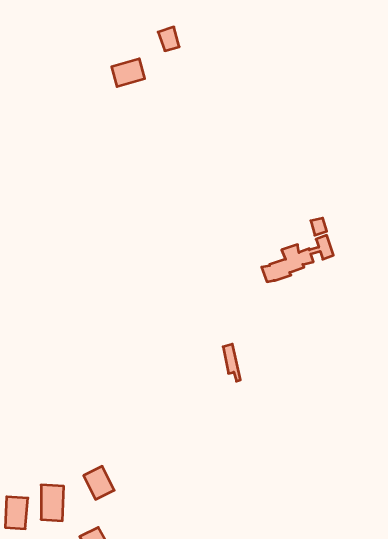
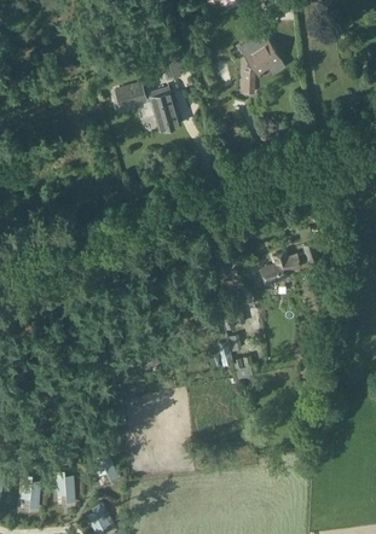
building: none -> [244,39,278,94]
building: none -> [146,81,179,124]

